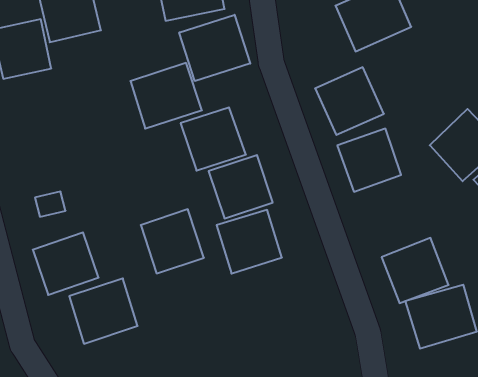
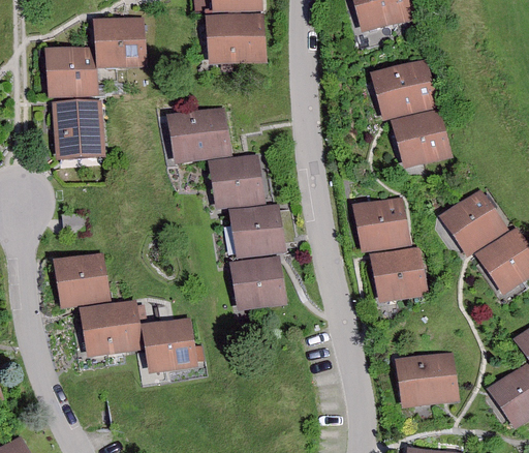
building: [179,15,250,81] -> none
building: [315,67,384,135] -> [391,109,452,169]
building: none -> [53,98,103,157]
building: [141,209,204,273] -> [142,316,196,372]
building: [382,238,449,303] -> [369,246,428,303]

